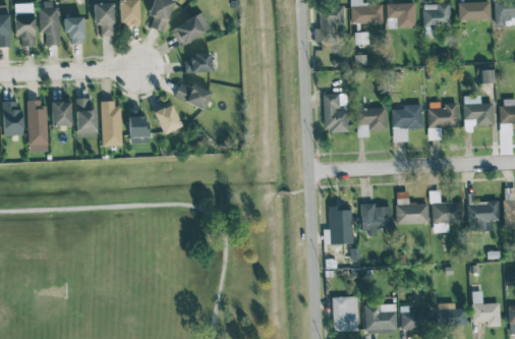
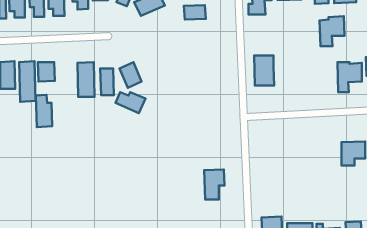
building: [184,54,212,72] -> [184,5,206,20]
building: [174,83,212,110] -> [115,92,145,113]
building: [76,98,97,138] -> [36,95,52,127]
building: [392,104,423,142] -> [320,16,345,46]
building: [357,108,387,137] -> none
building: [396,191,428,224] -> none
building: [361,205,392,236] -> none
building: [328,207,353,244] -> [204,169,225,199]

